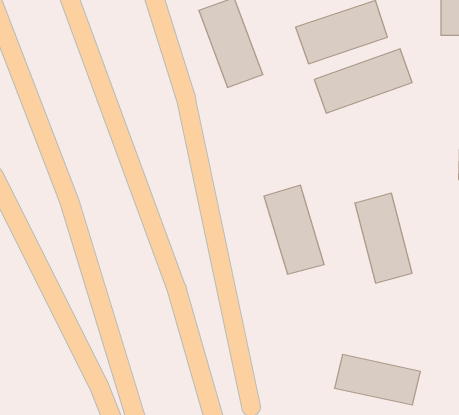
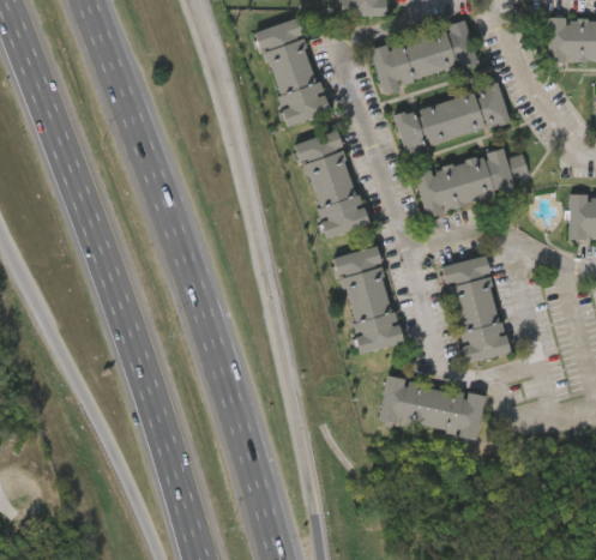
building: none -> [294,130,367,237]
building: none -> [415,147,529,216]
building: [334,355,420,405] -> [379,377,483,438]

